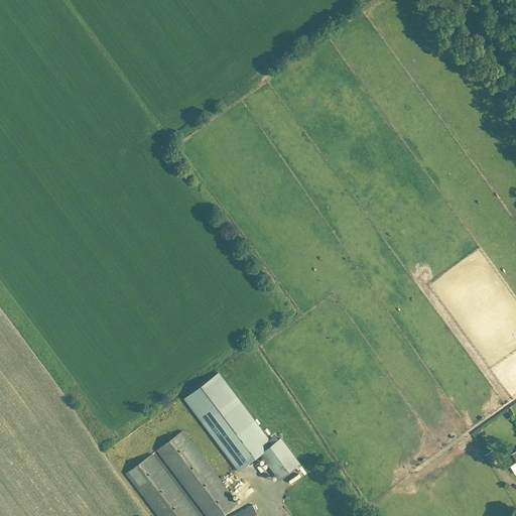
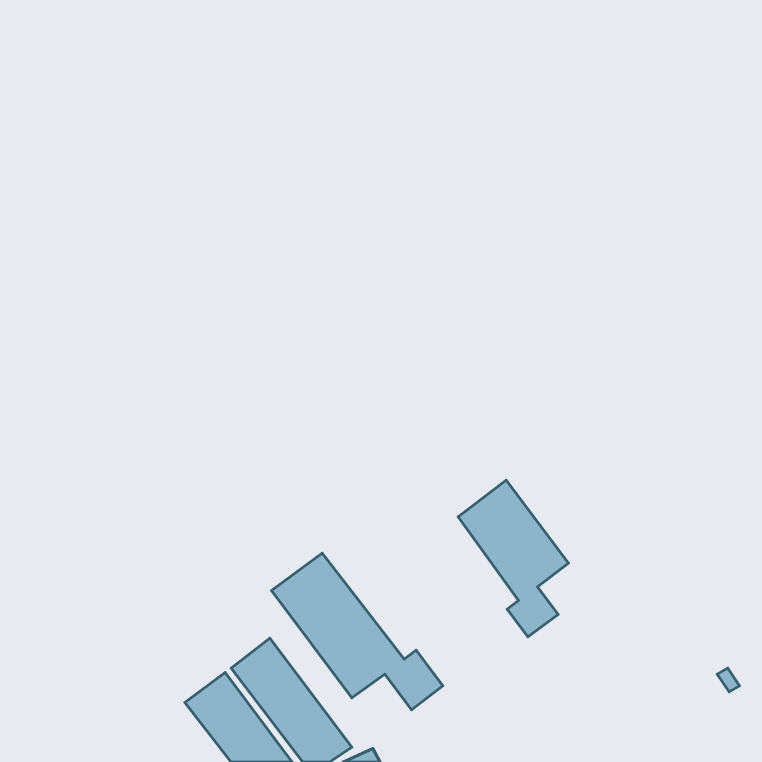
building: none -> [458,480,568,637]

